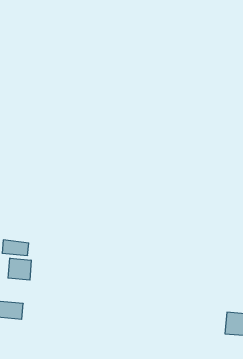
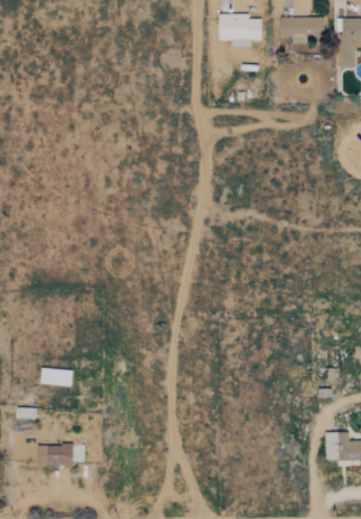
building: [8,258,31,280] -> none

